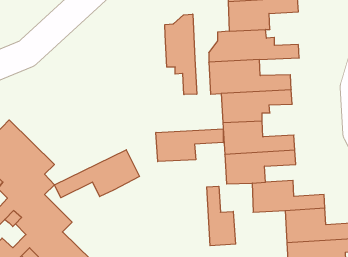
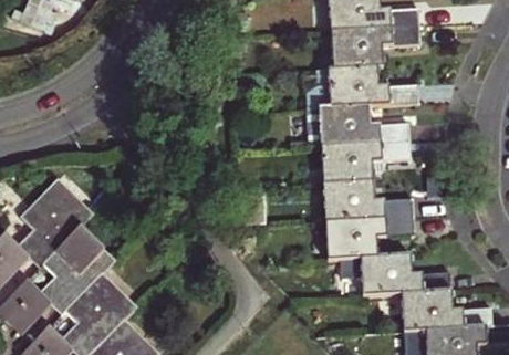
building: [165,14,197,95] -> none
building: [156,129,223,162] -> none
building: [54,150,139,198] -> none
building: [207,186,236,246] -> none

